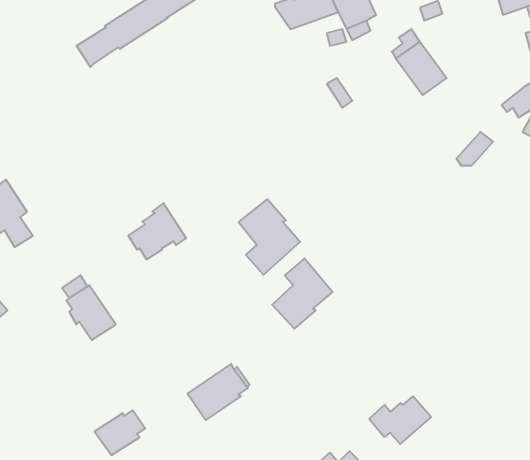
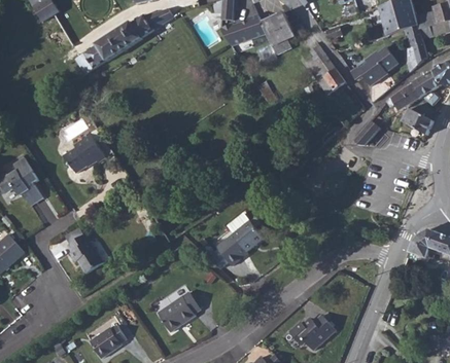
building: none -> [352,46,400,86]
building: [239,199,300,275] -> none
building: [128,203,186,259] -> [63,132,105,173]

